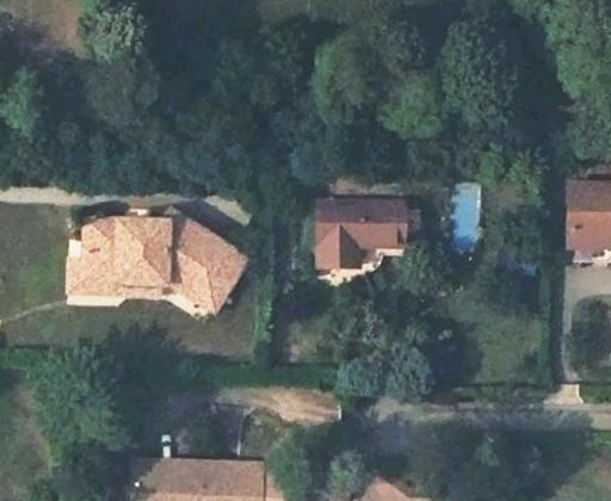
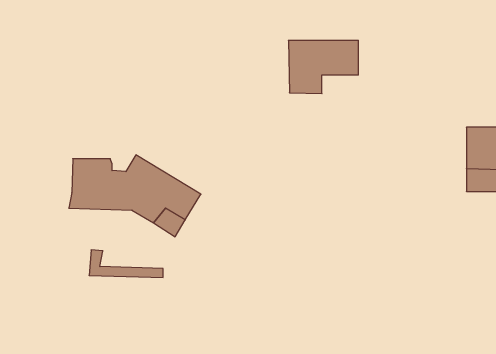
building: [317,200,402,265] -> [288,40,358,94]
building: [73,256,162,290] -> [89,250,163,277]

